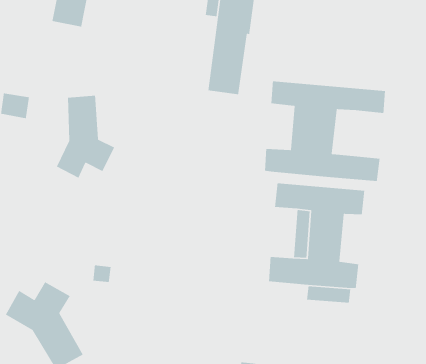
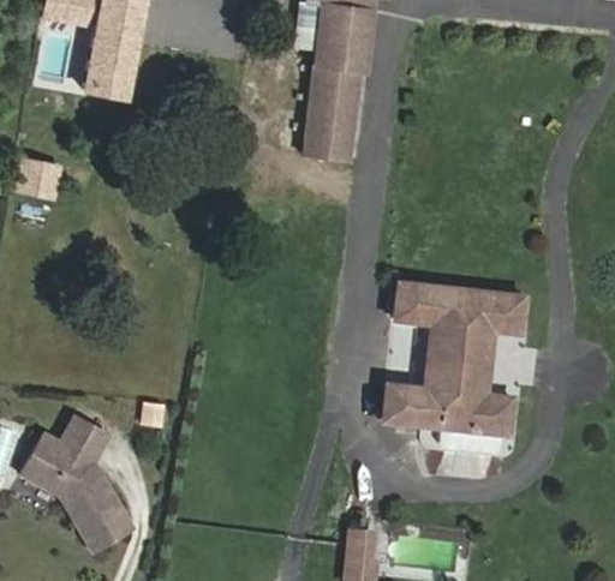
building: none -> [83,60,130,95]
building: [264,81,386,182] -> none
building: [56,95,115,179] -> none

